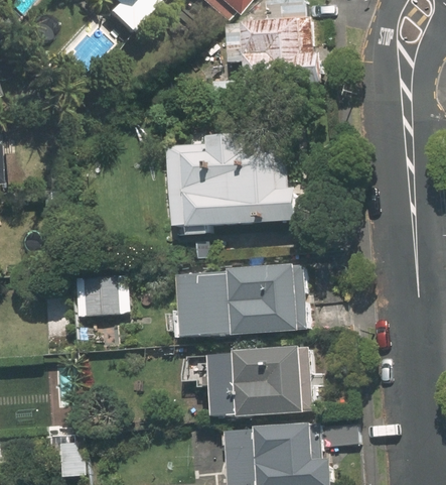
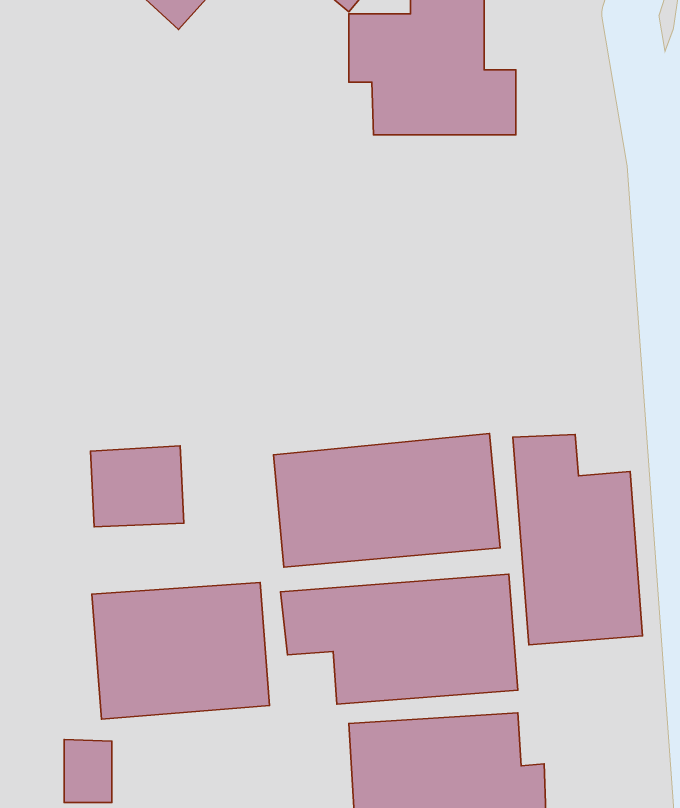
building: [170,133,302,233] -> none
building: none -> [513,434,643,645]
building: none -> [92,583,269,719]

